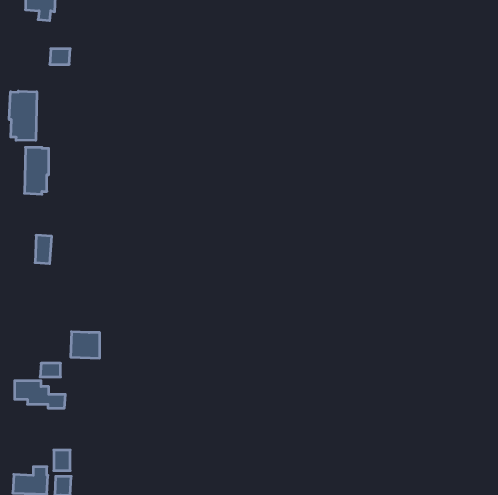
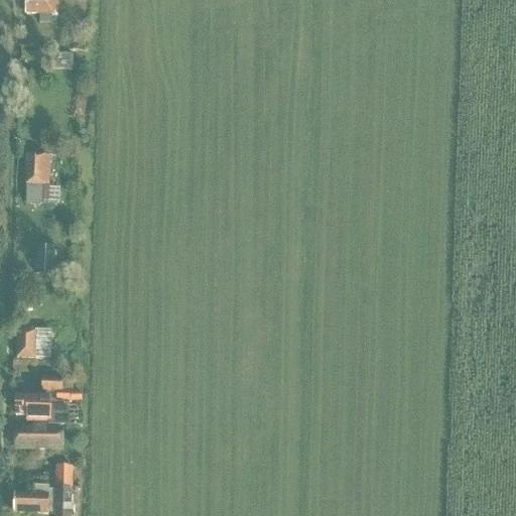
building: [9,91,37,140] -> none
building: [71,332,100,358] -> [16,328,46,355]
building: none -> [16,424,62,445]

